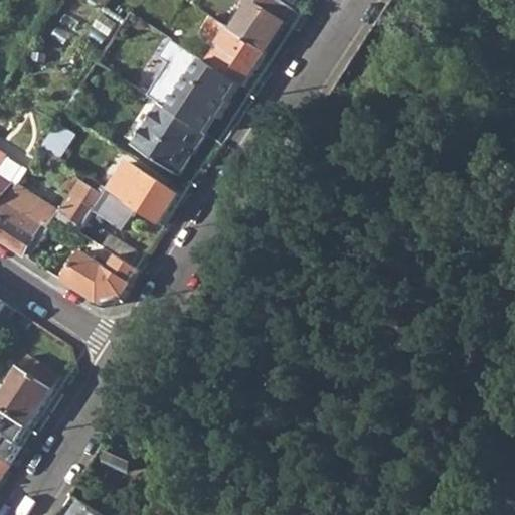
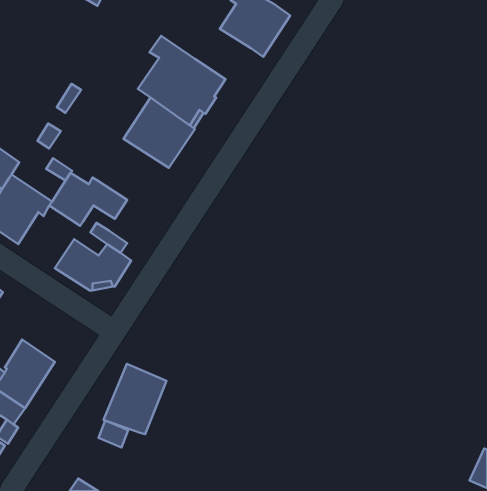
building: [198,16,262,84] -> none
building: [102,167,175,224] -> none
building: none -> [103,364,166,434]

